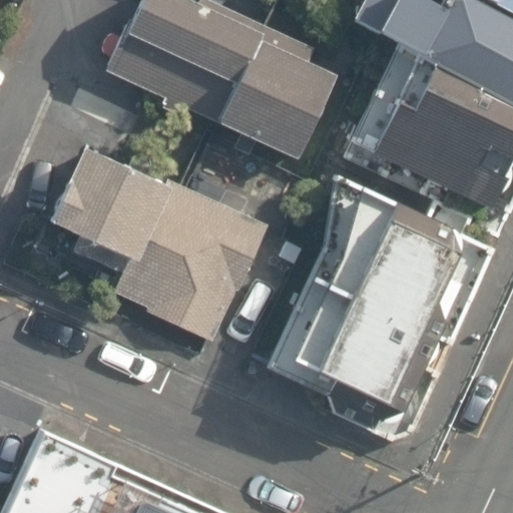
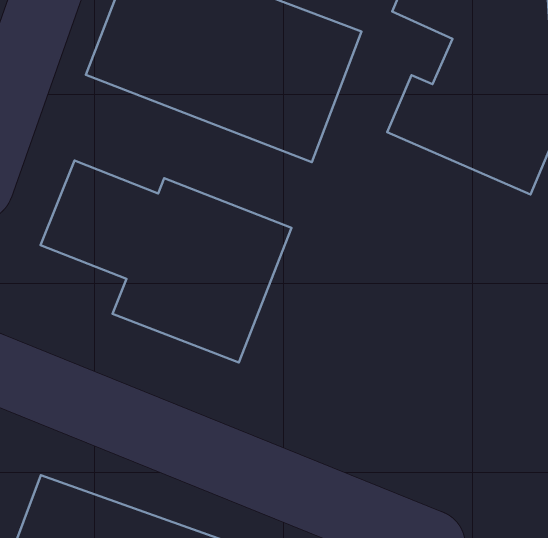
building: [309,215,459,408] -> none

